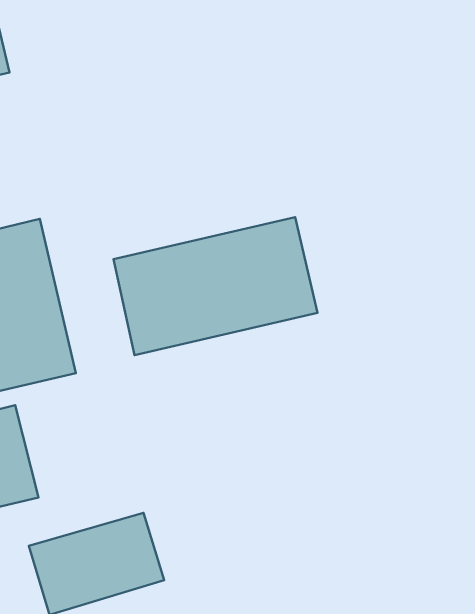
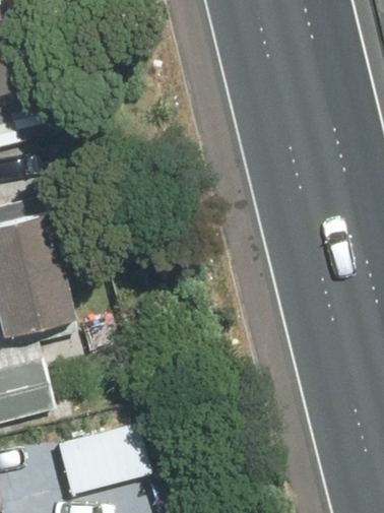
building: [114,217,318,355] -> none

